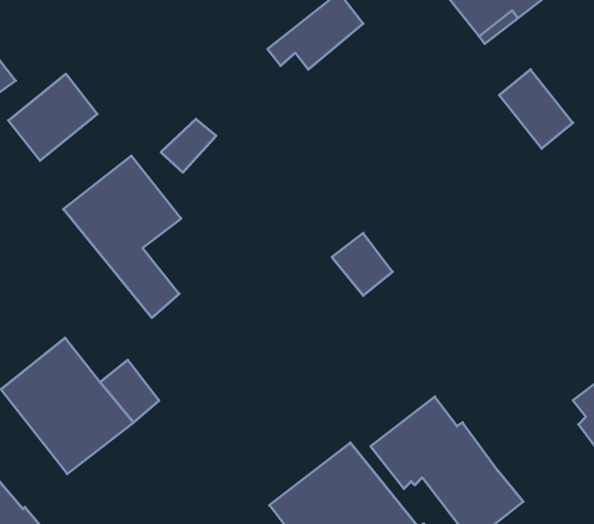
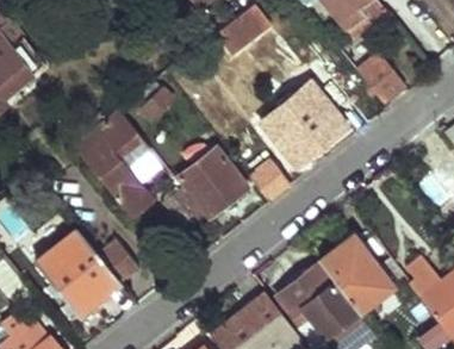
building: [8,74,97,161] -> none
building: none -> [261,81,346,166]
building: none -> [179,144,248,213]
building: none -> [321,238,391,313]

